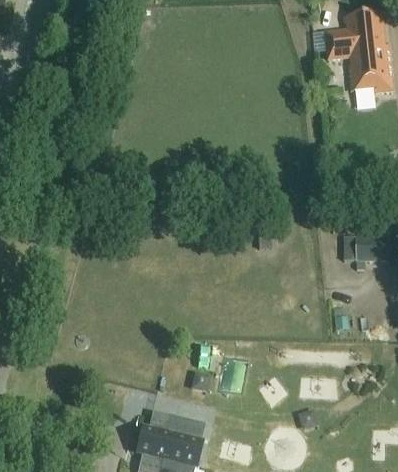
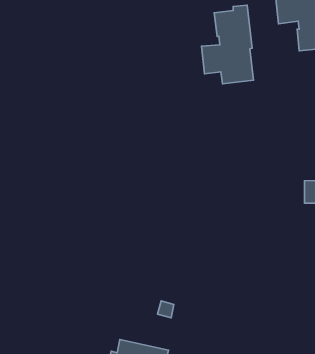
building: none -> [202,5,254,84]

